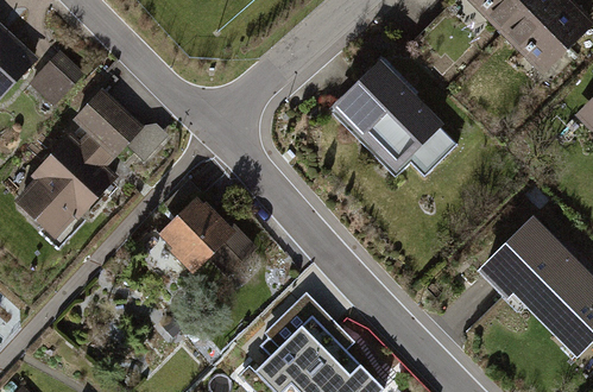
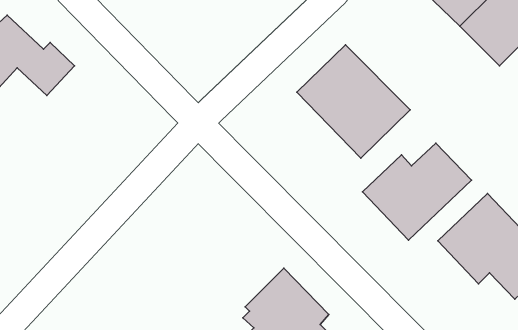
building: [14,93,144,238] -> none
building: none -> [363,143,471,240]
building: [152,194,251,282] -> none

